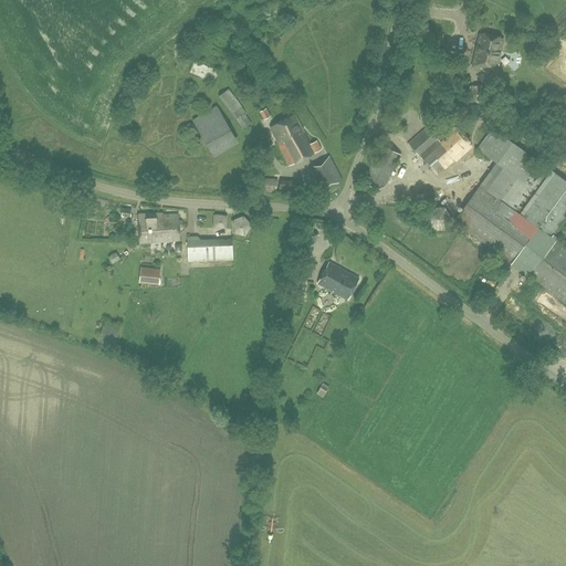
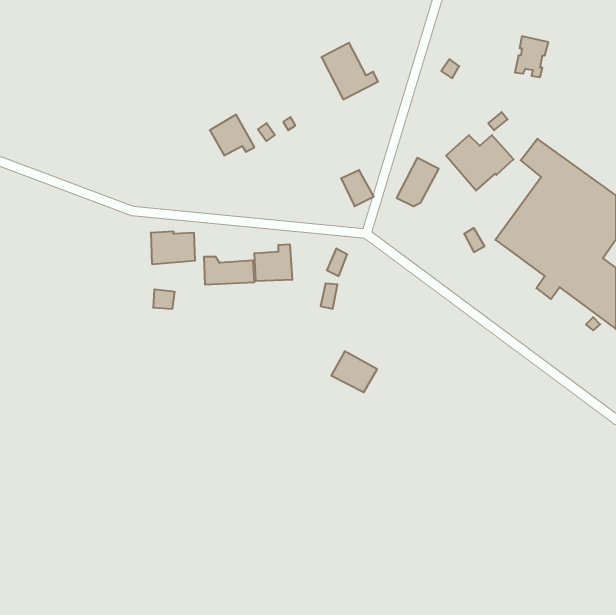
building: [270,113,322,165] -> [321,43,378,99]
building: none -> [255,244,292,281]
building: [317,261,359,298] -> [331,351,377,392]

